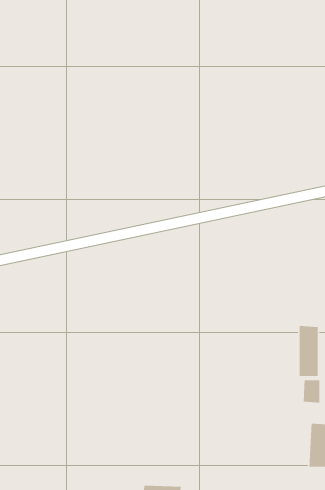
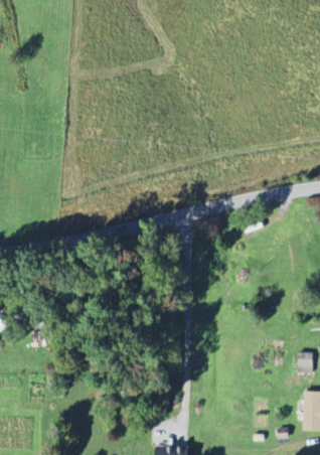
building: [299,325,319,377] -> none

